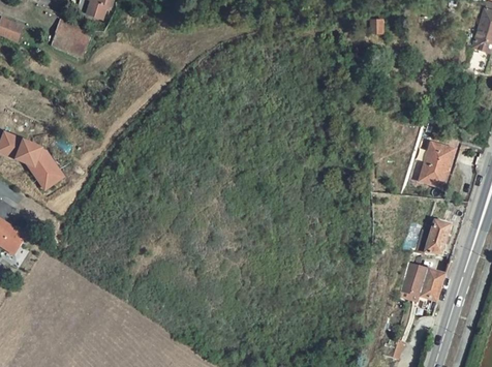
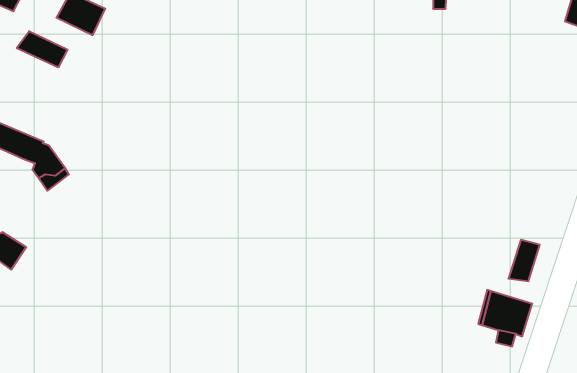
building: none -> [17,31,68,67]
building: [419,144,452,186] -> none

